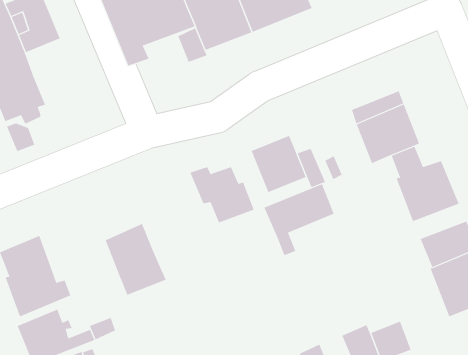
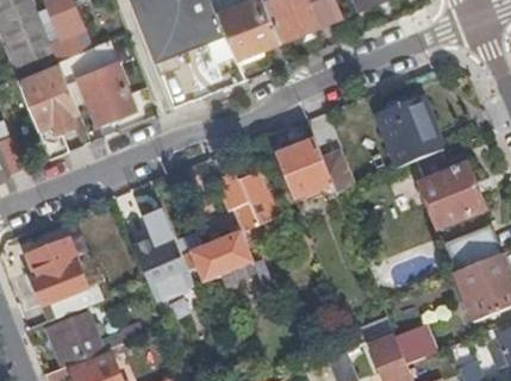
building: none -> [55,39,132,121]
building: [263,183,335,256] -> [181,230,251,301]

